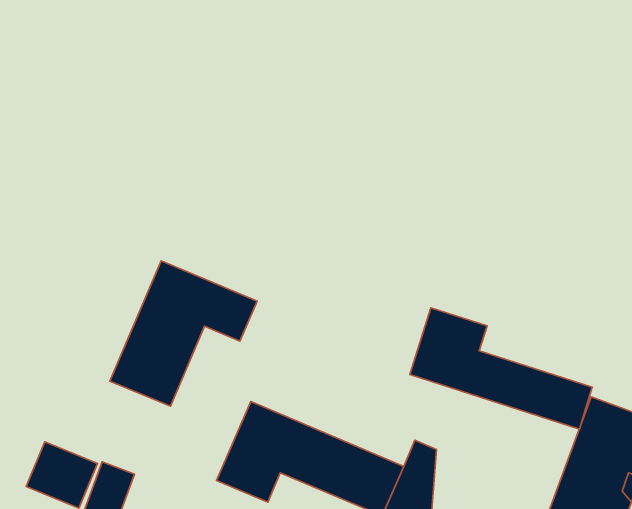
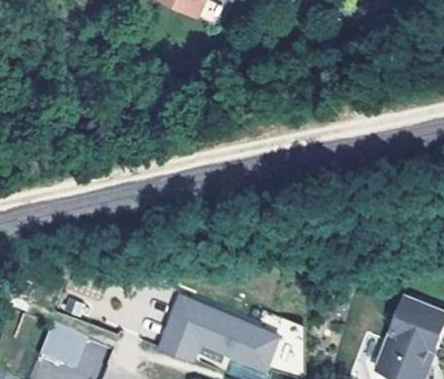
building: [110,261,257,406] -> none
building: [410,308,592,429] -> none

